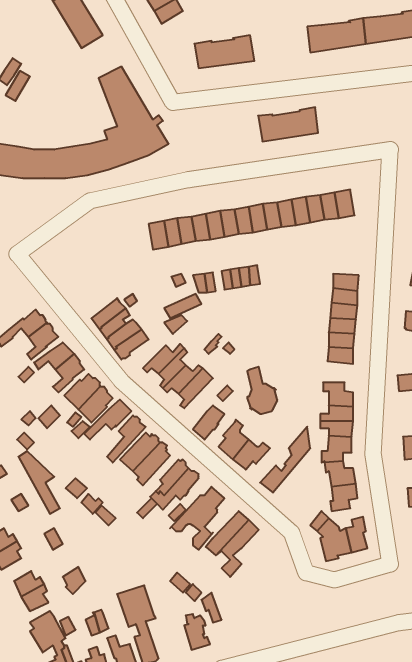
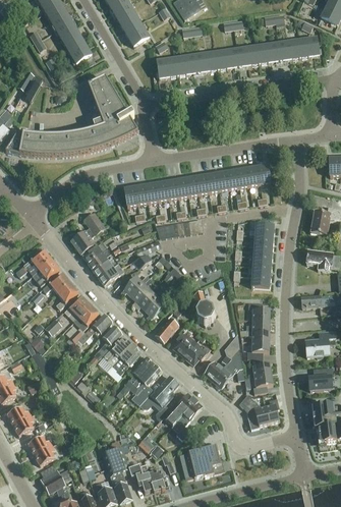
building: [258,107,318,141] -> [195,47,238,71]
building: none -> [70,211,104,252]
building: none -> [212,347,243,386]
building: none -> [178,443,223,477]
building: none -> [127,462,154,491]

